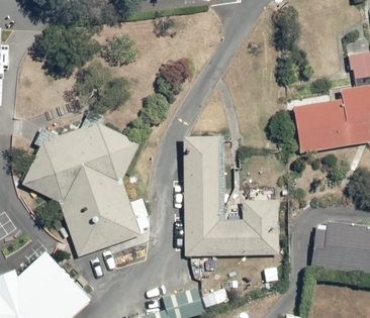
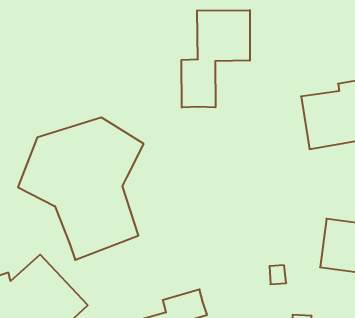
building: none -> [181,10,250,108]
building: [182,138,279,255] -> none

